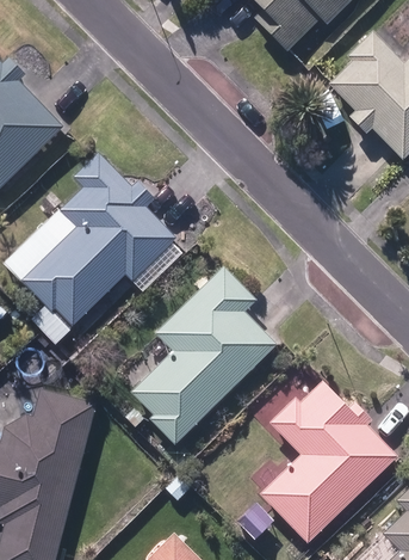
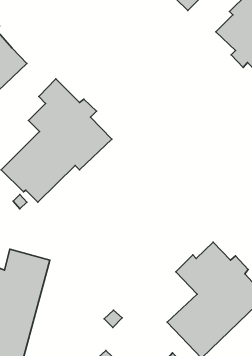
building: [135,264,280,443] -> none

